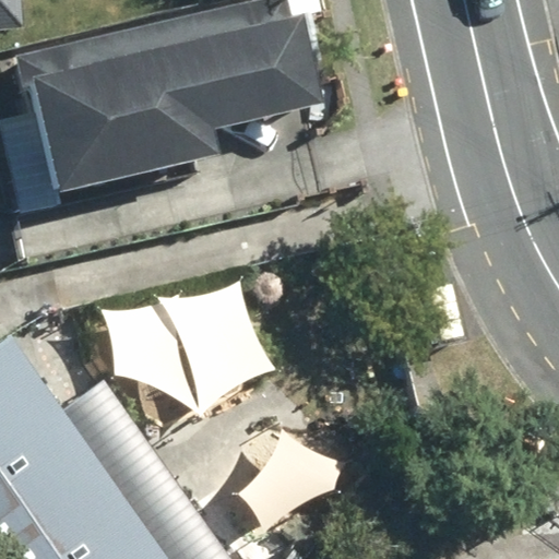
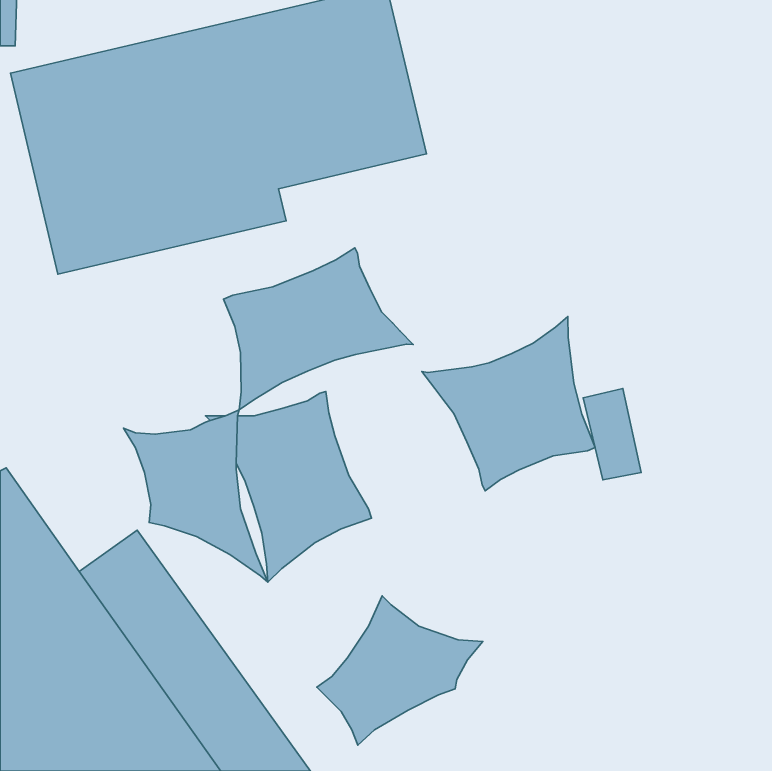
building: none -> [224,248,413,410]
building: none -> [422,317,595,491]

